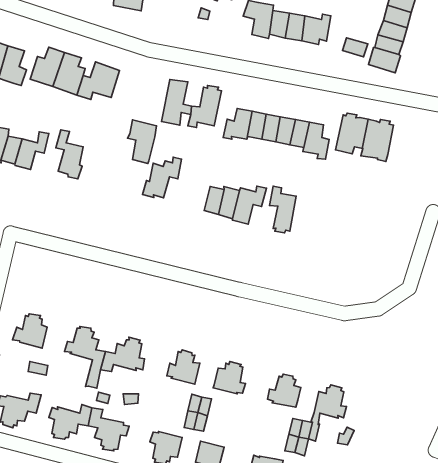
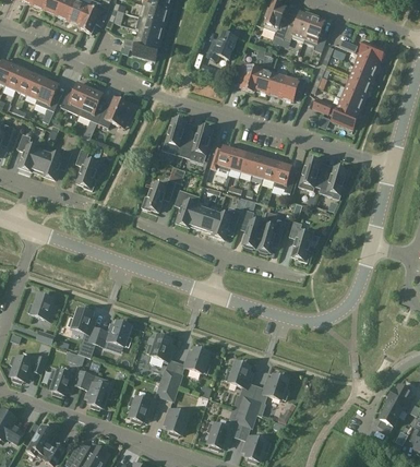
building: [128,120,156,164] -> [175,190,199,226]
building: none -> [256,218,286,252]
building: none -> [289,221,314,261]

